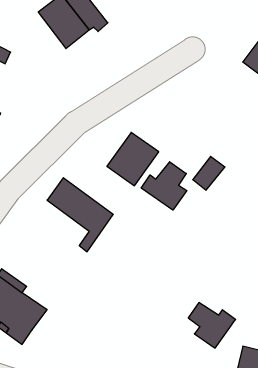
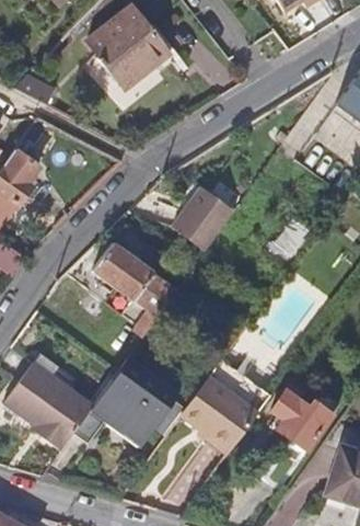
building: [141,162,187,210] -> none
building: none -> [77,354,182,441]
building: none -> [182,375,260,451]

